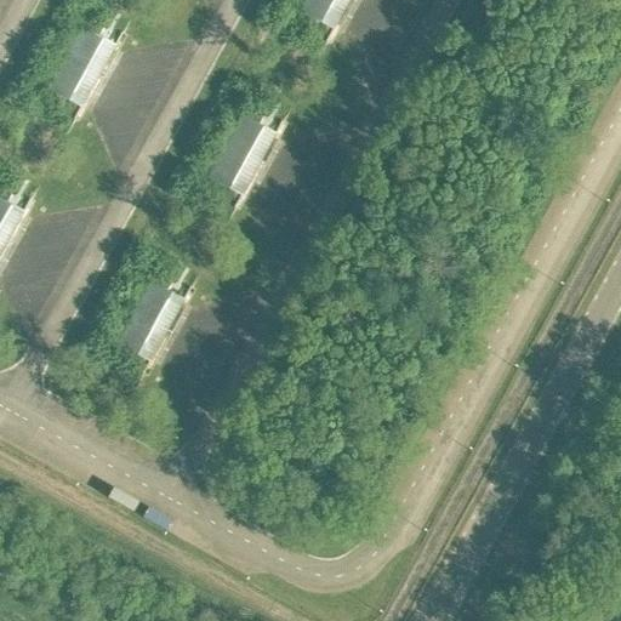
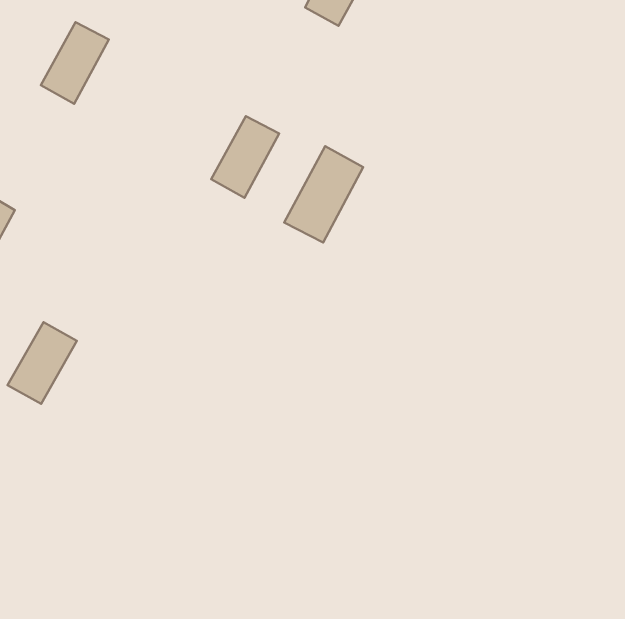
building: none -> [284,146,363,243]
building: [115,280,183,360] -> [8,322,77,404]

